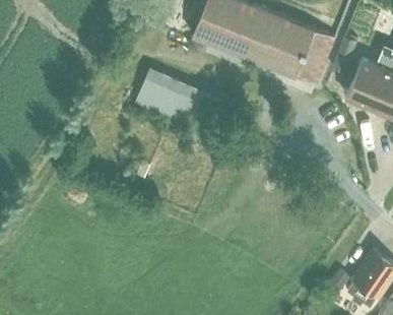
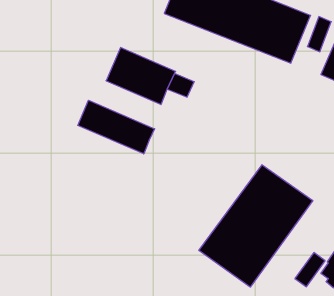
building: none -> [78,100,155,154]
building: none -> [199,165,313,287]

